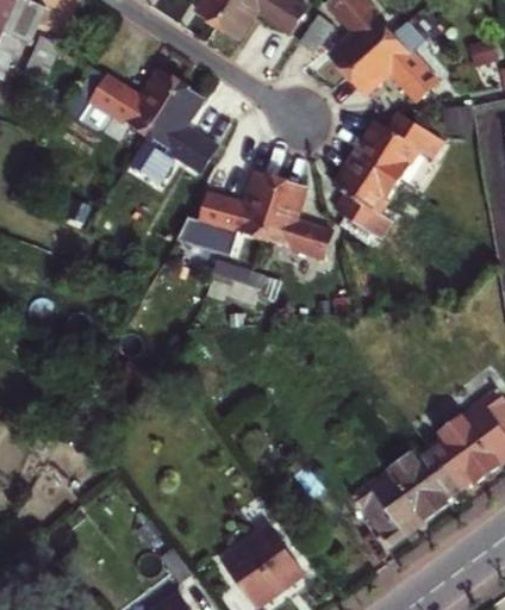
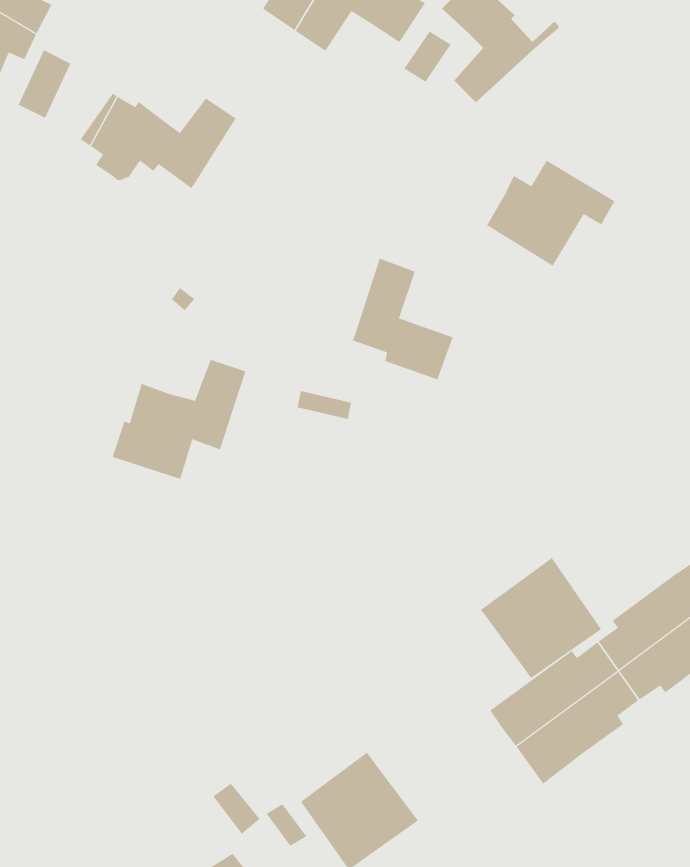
building: [344,20,436,97] -> none
building: [127,83,214,182] -> none
building: [332,157,398,242] -> none
building: [185,172,278,255] -> [112,359,246,479]
building: none -> [480,557,602,679]

